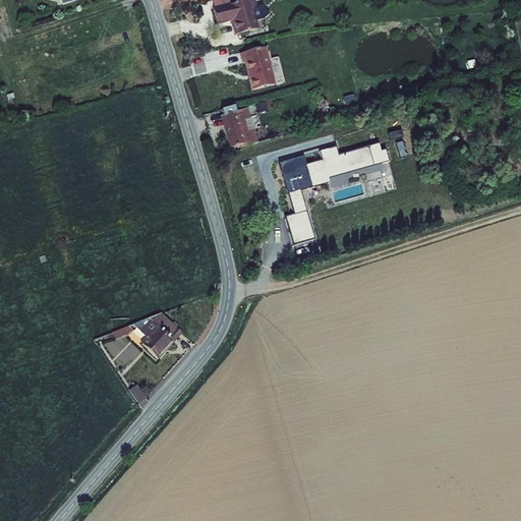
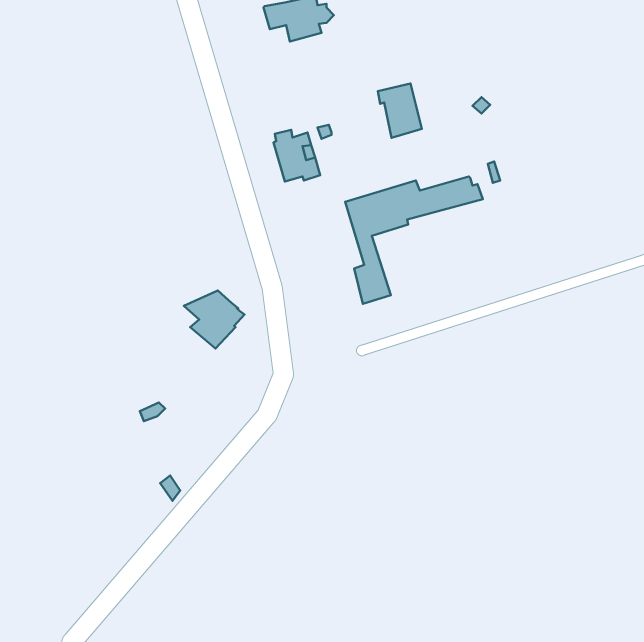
building: [240,46,276,90] -> [378,84,422,138]
building: [133,312,182,359] -> [184,291,244,349]

